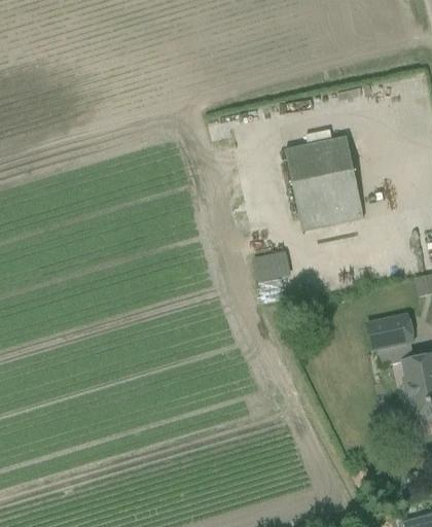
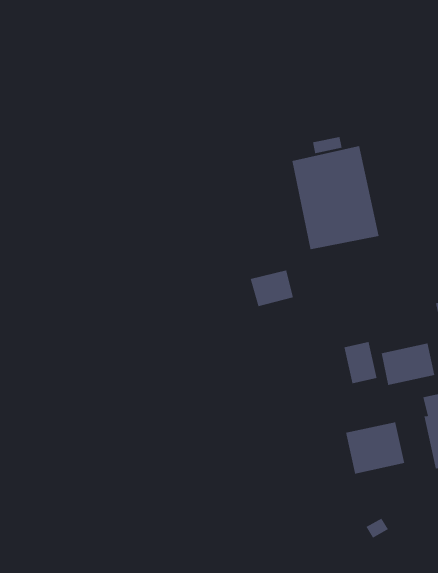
building: none -> [344,341,377,384]
building: none -> [346,421,405,474]

